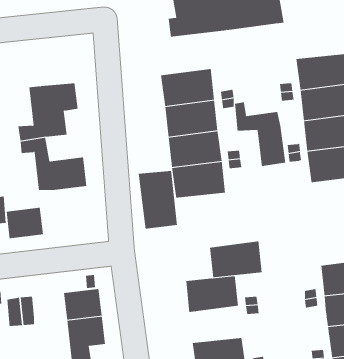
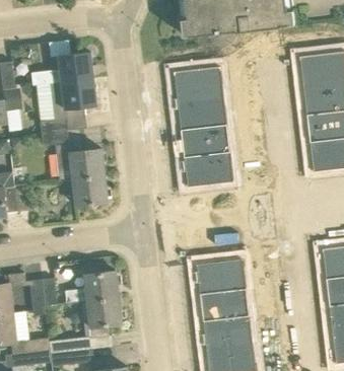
building: none -> [31,52,93,85]
building: [234,101,286,167] -> none
building: [138,170,177,230] -> none
building: [6,207,44,239] -> [72,175,108,205]
building: [209,241,263,278] -> [199,287,249,321]

